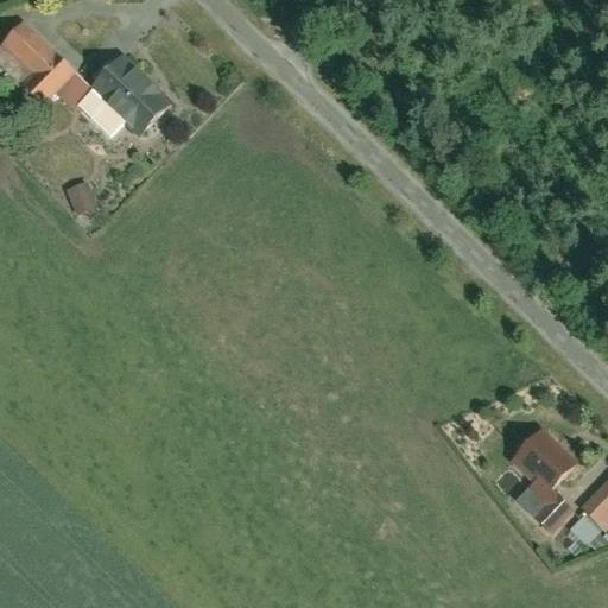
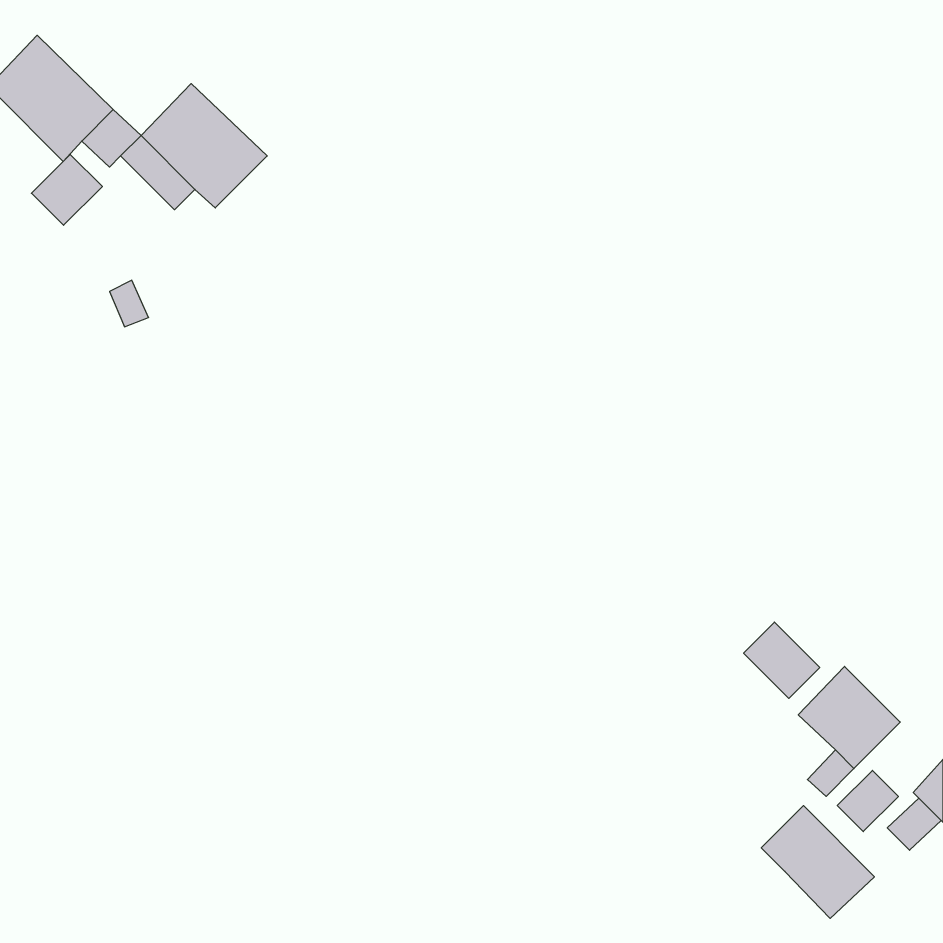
building: none -> [31,154,102,225]
building: none -> [744,622,820,698]
building: none -> [761,806,874,918]

